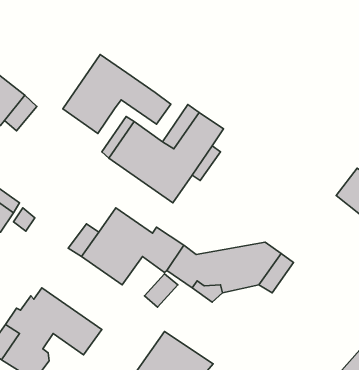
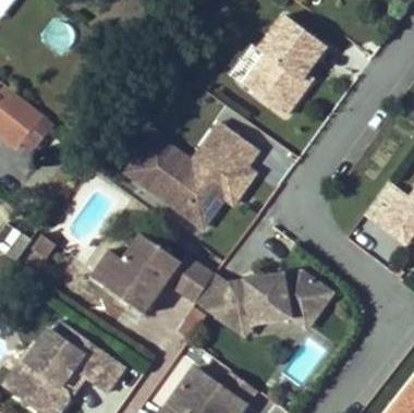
building: none -> [243,19,326,118]
building: [63,55,171,133] -> none

